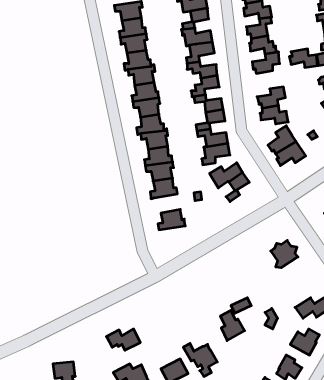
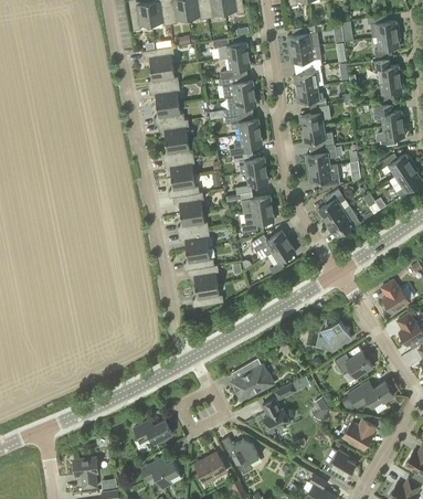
building: [289,49,318,67] -> [302,126,335,147]
building: none -> [188,265,219,288]
building: none -> [335,351,372,378]
building: none -> [231,359,274,400]

